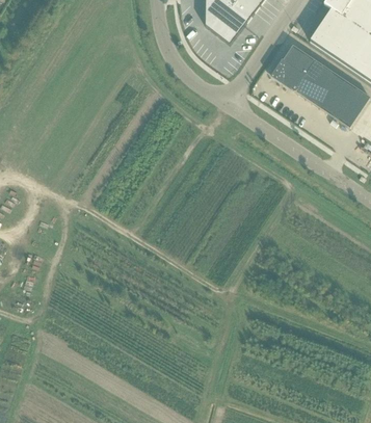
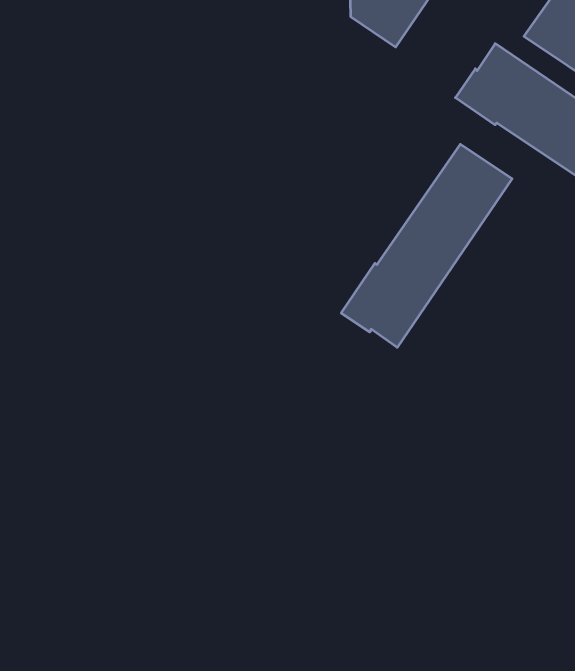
building: none -> [341,144,512,347]

